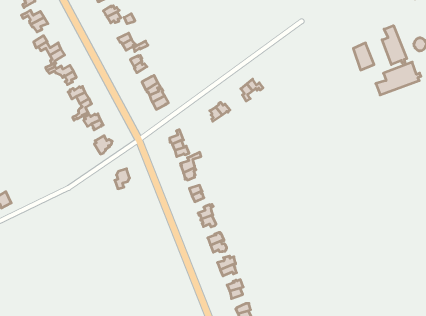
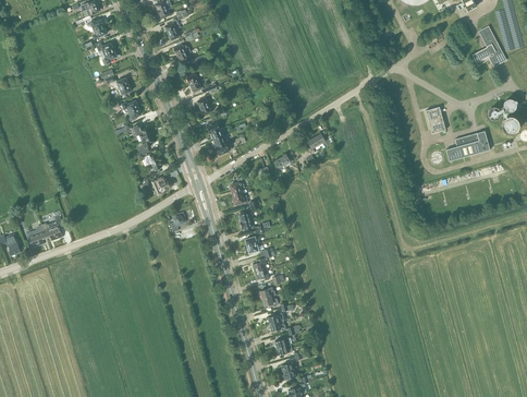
building: [382,26,407,65] -> none

